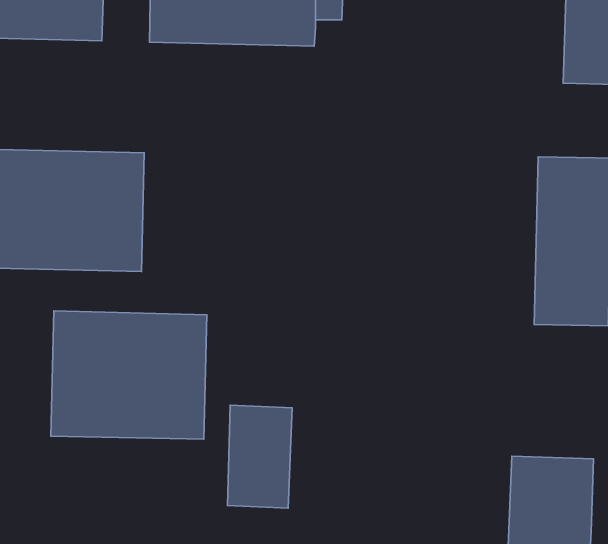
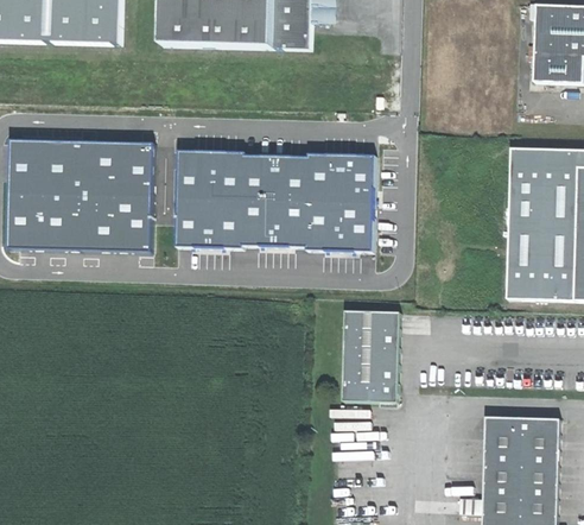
building: none -> [177,151,376,251]
building: [51,311,207,439] -> none
building: [228,405,292,508] -> [341,308,399,400]

